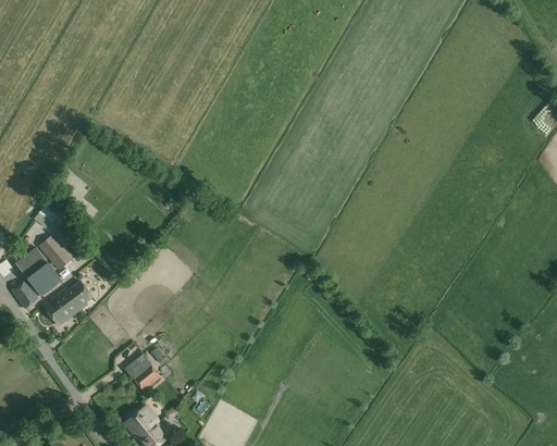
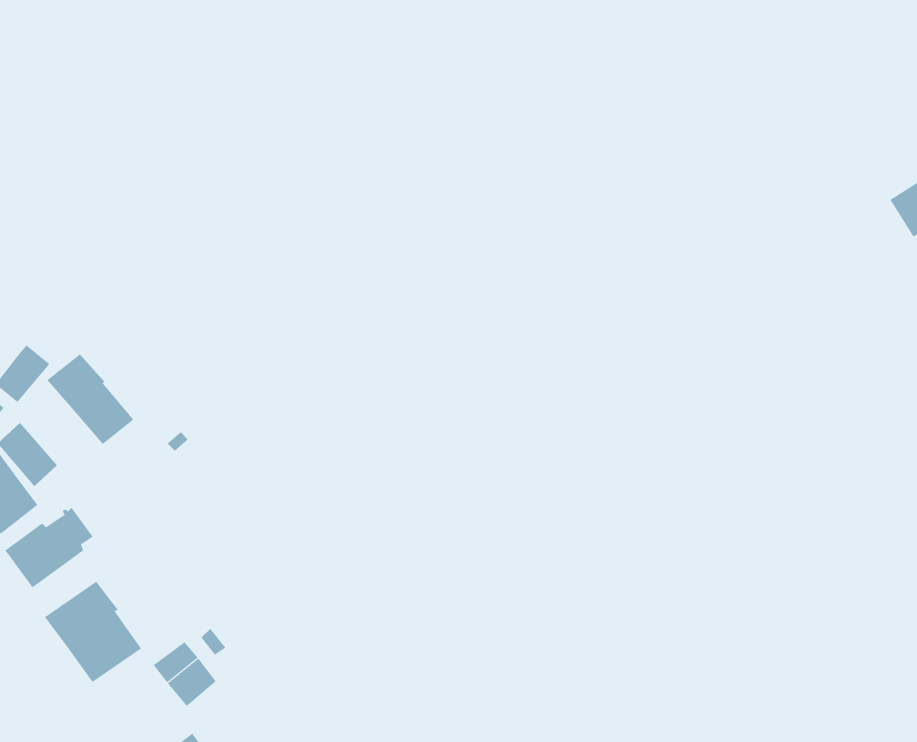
building: none -> [47,354,134,445]
building: none -> [44,581,142,683]

